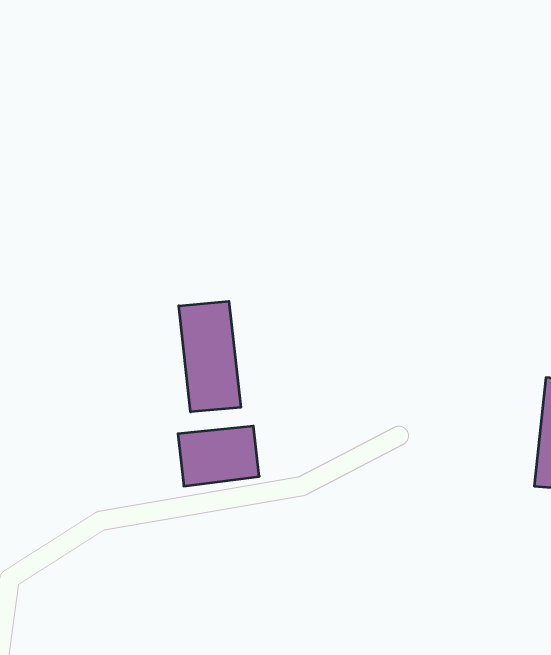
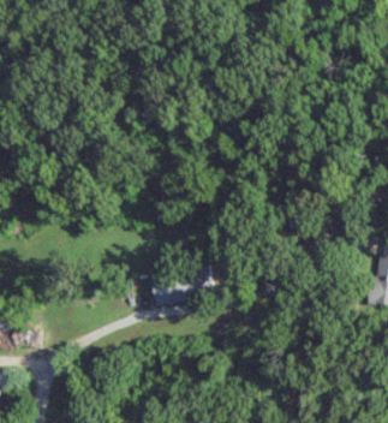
building: [179,301,241,412] -> none

